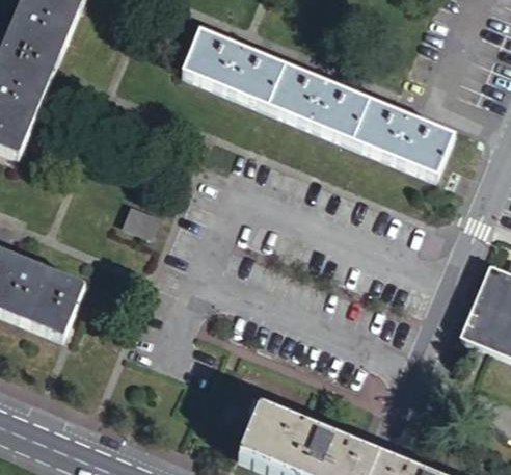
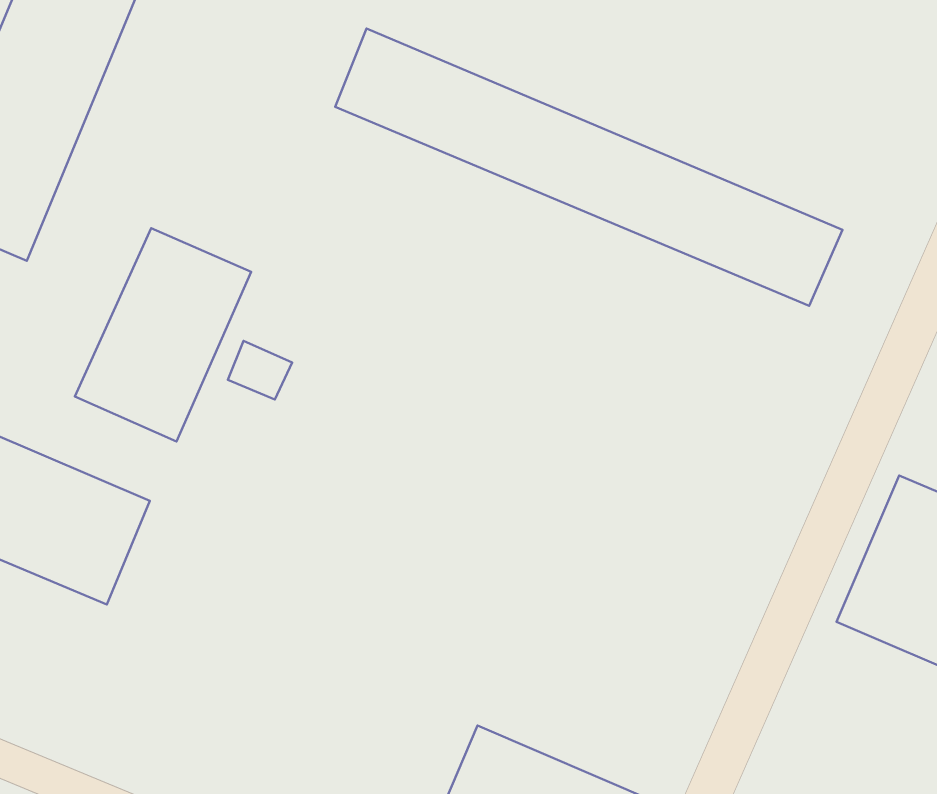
building: none -> [75,228,251,442]

